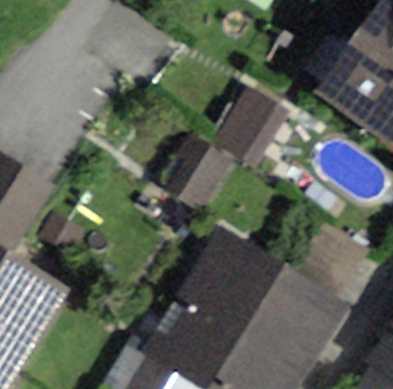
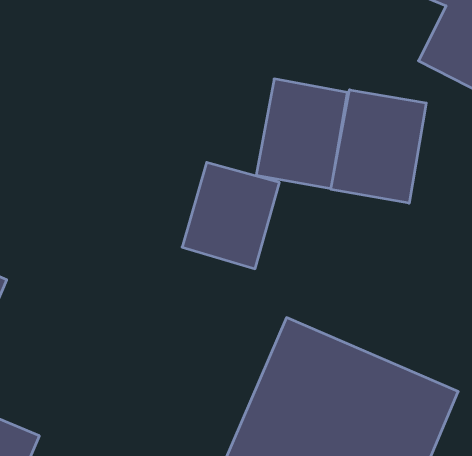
building: none -> [331,90,426,203]

